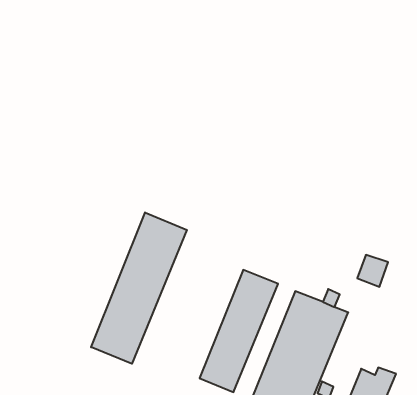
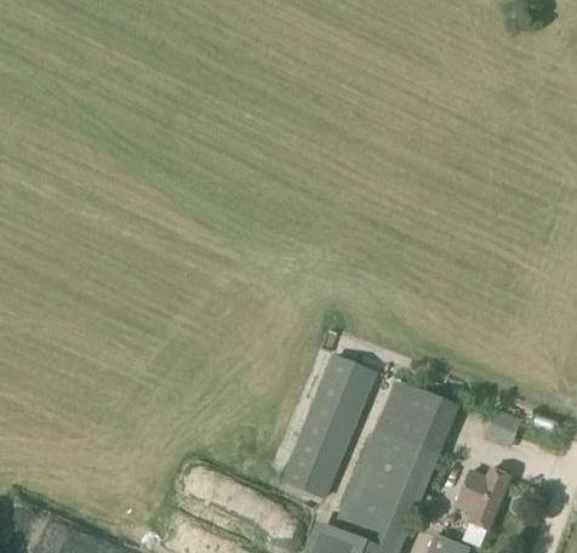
building: [91,212,187,364] -> none
building: [357,255,388,287] -> [485,410,520,446]

